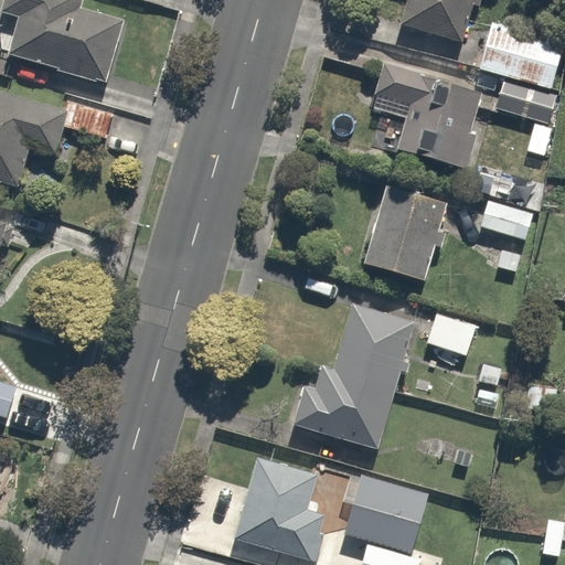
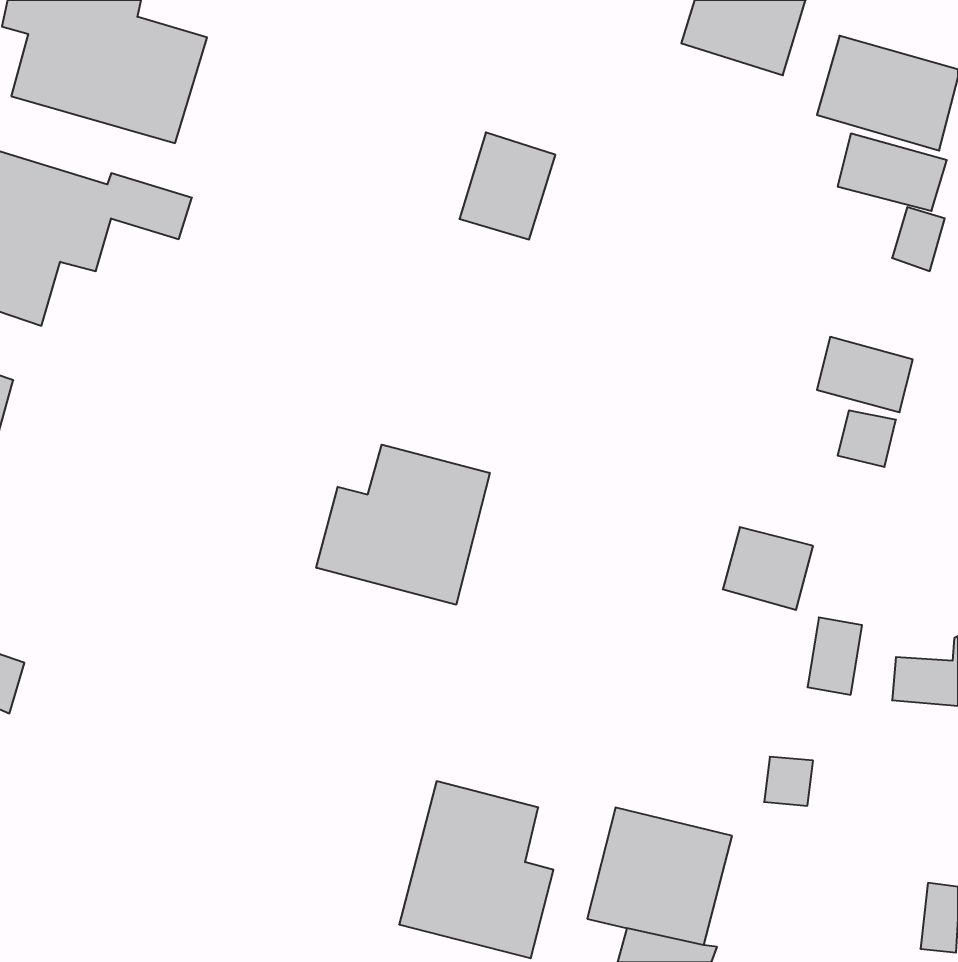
building: [370,61,426,124] -> [459,132,555,240]
building: [412,83,486,172] -> none
building: [358,182,447,282] -> none
building: none -> [316,445,490,605]
building: [292,305,411,450] -> none

